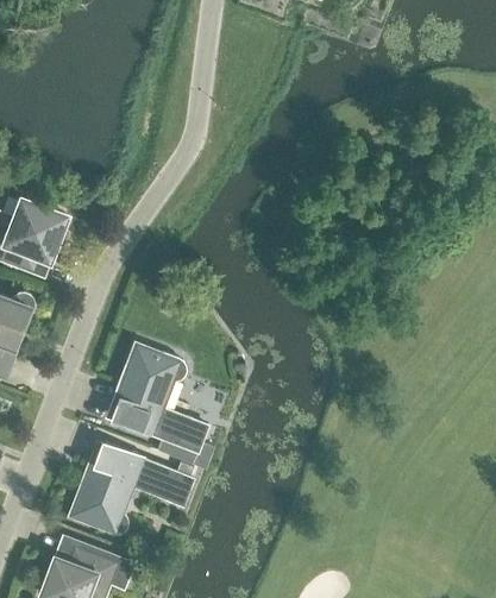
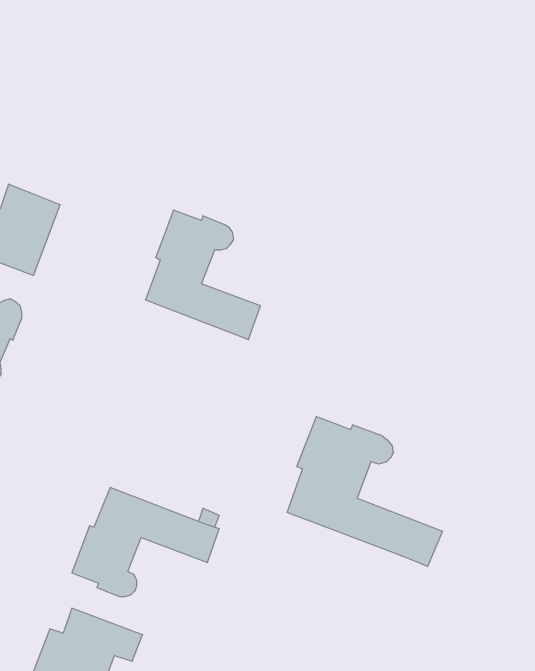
building: [113,347,206,452] -> [145,210,260,340]
building: none -> [287,416,443,567]

